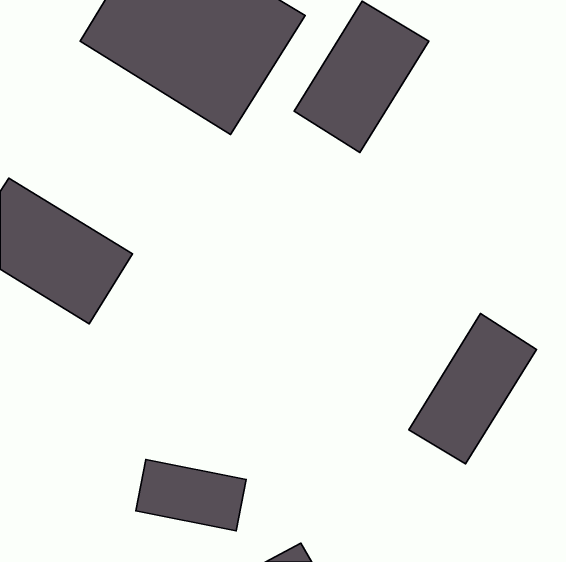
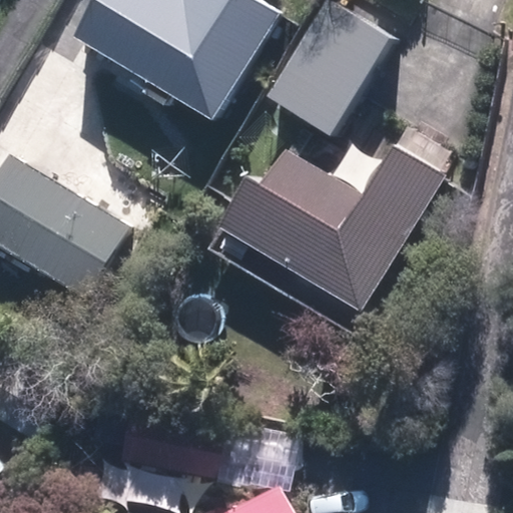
building: none -> [221,142,444,311]
building: [409,314,536,464] -> none

